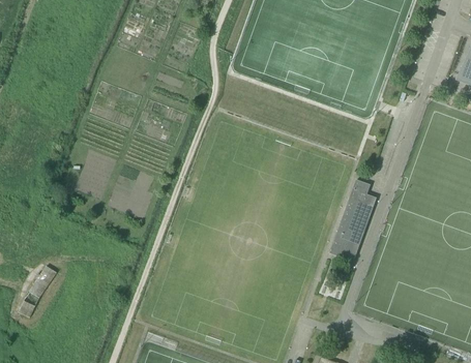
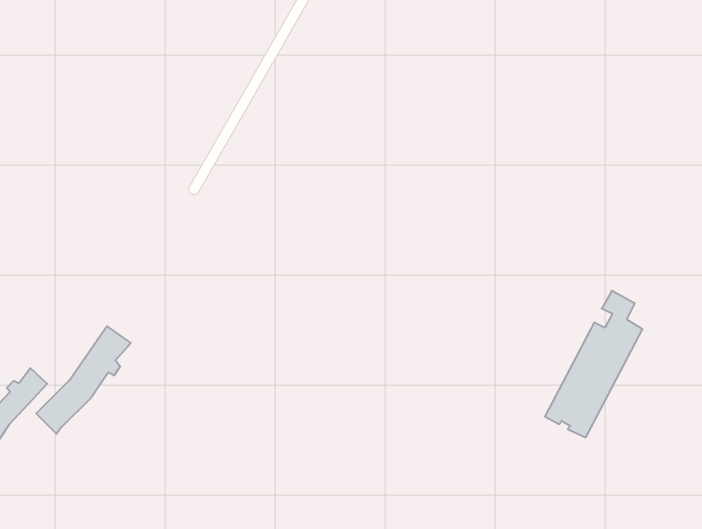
building: none -> [36,326,131,434]

